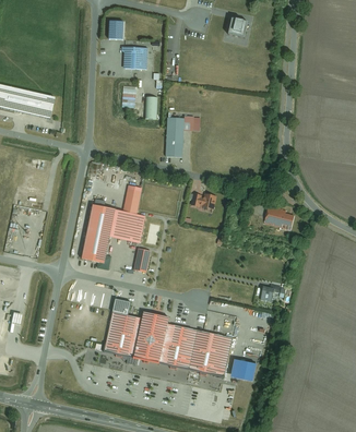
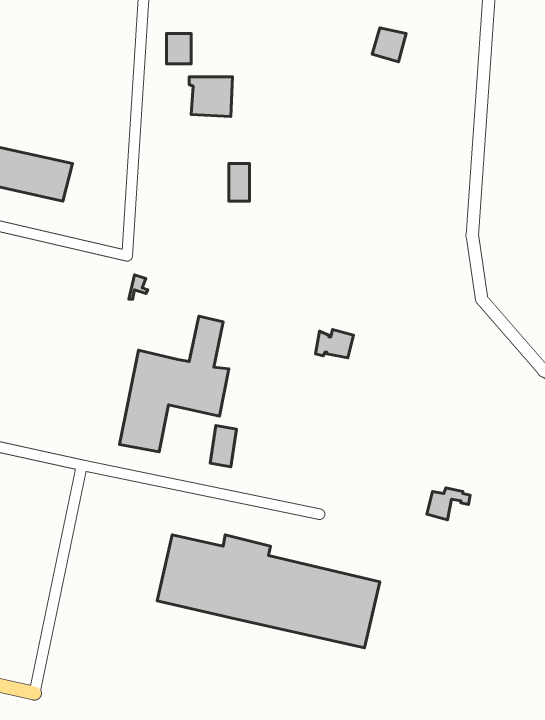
building: [166,115,201,156] -> none
building: [264,205,295,230] -> none

